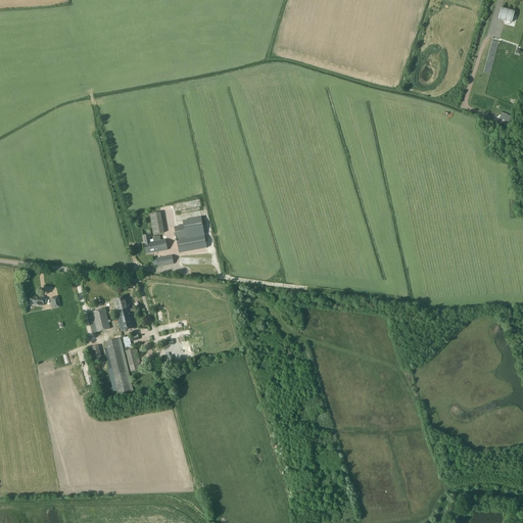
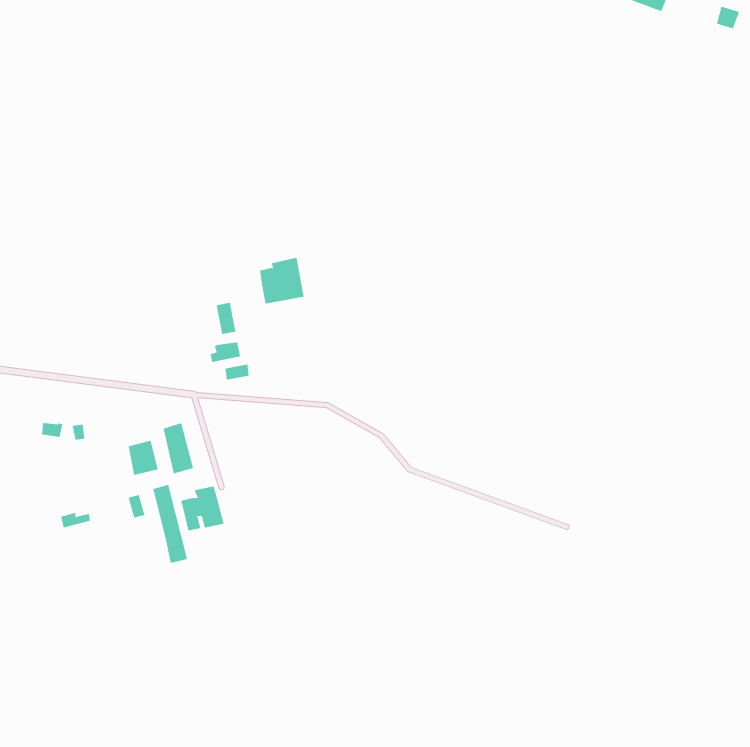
building: [175,219,206,251] -> [259,257,305,304]

